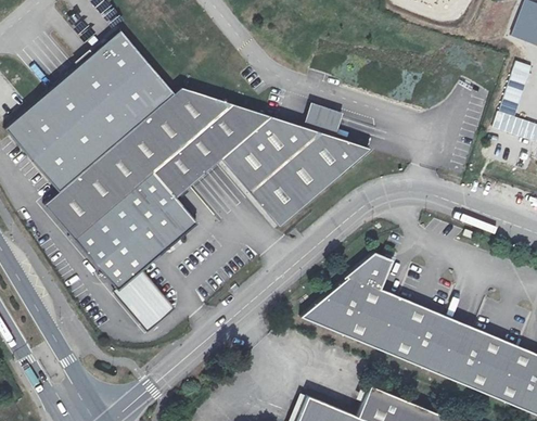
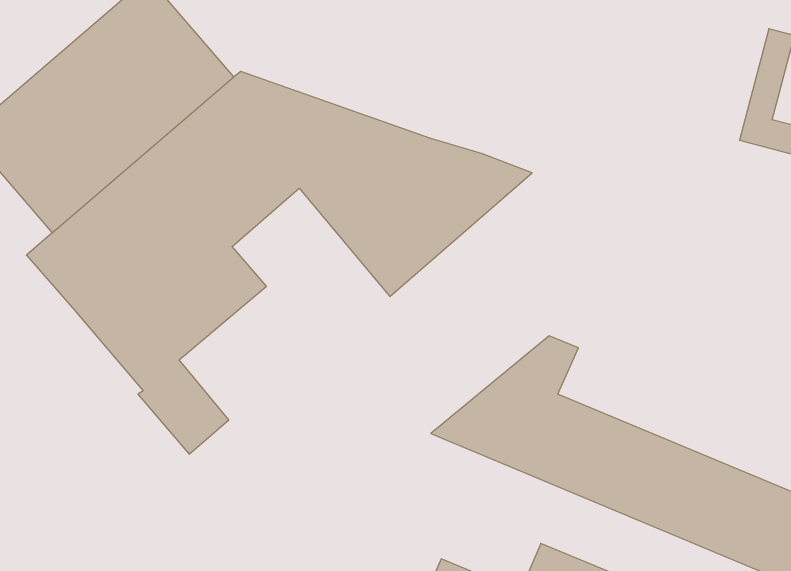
building: [301,104,341,139] -> none

